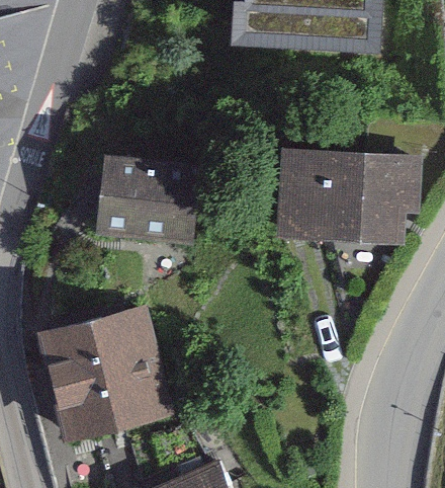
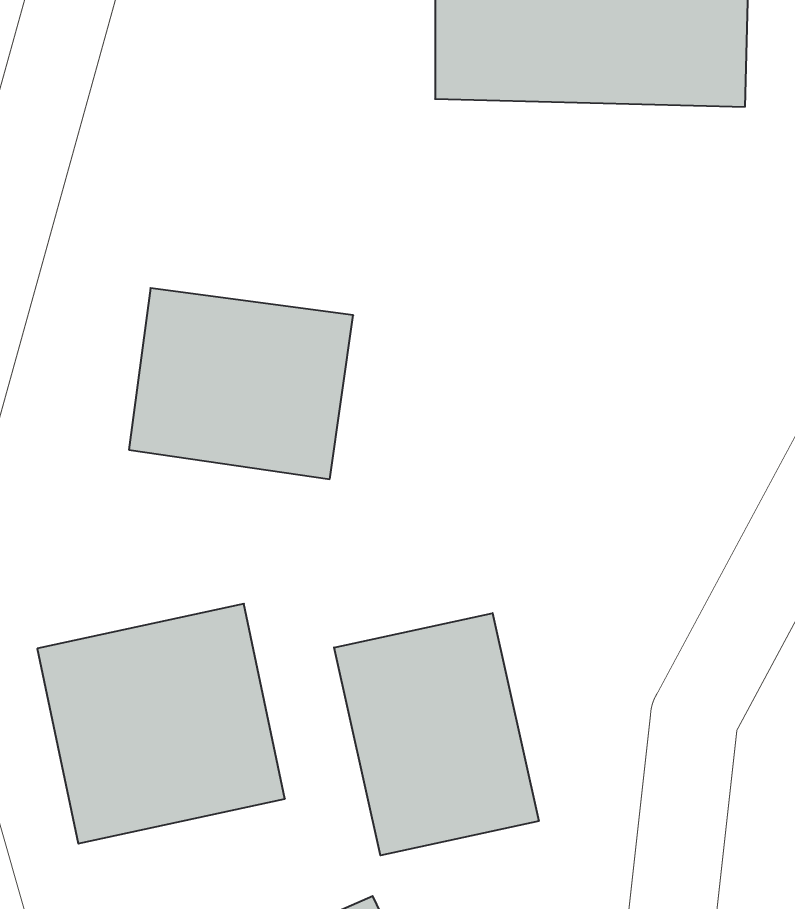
building: [277,138,415,232] -> none
building: none -> [334,613,539,855]

